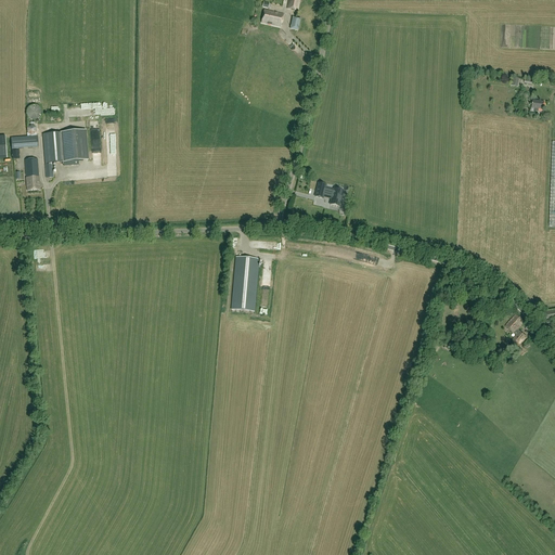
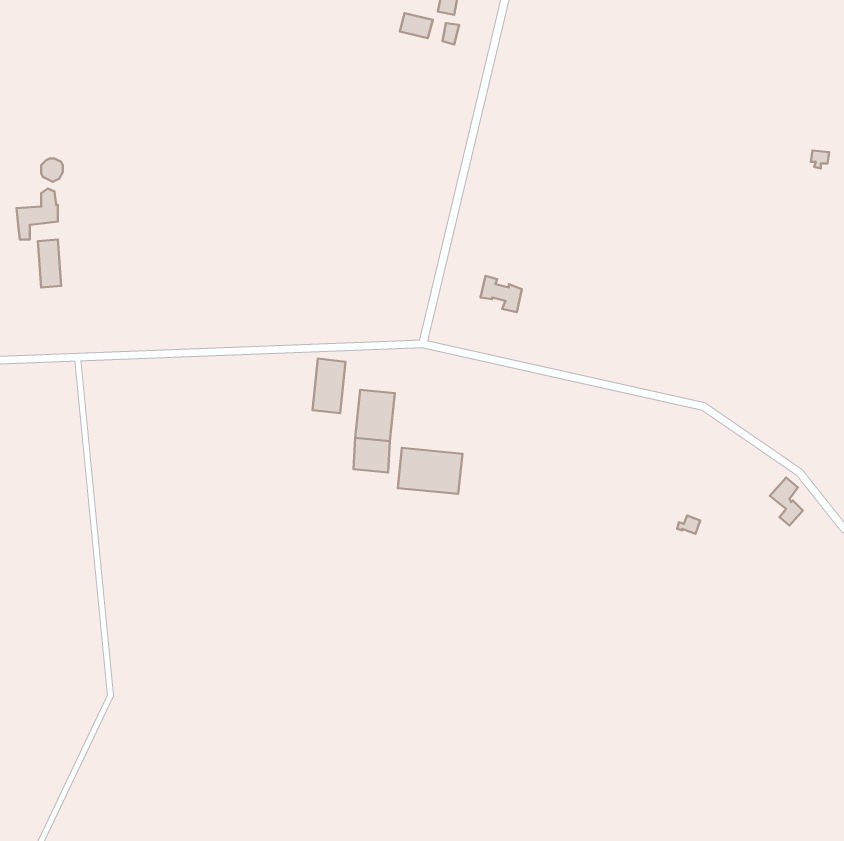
building: [43,129,89,162] -> none
building: none -> [312,359,346,413]
building: none -> [398,448,462,494]

